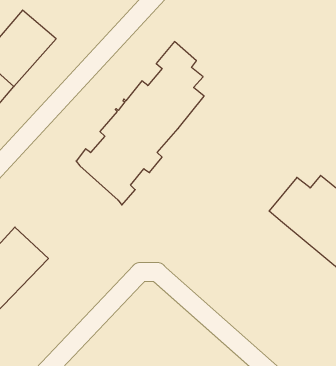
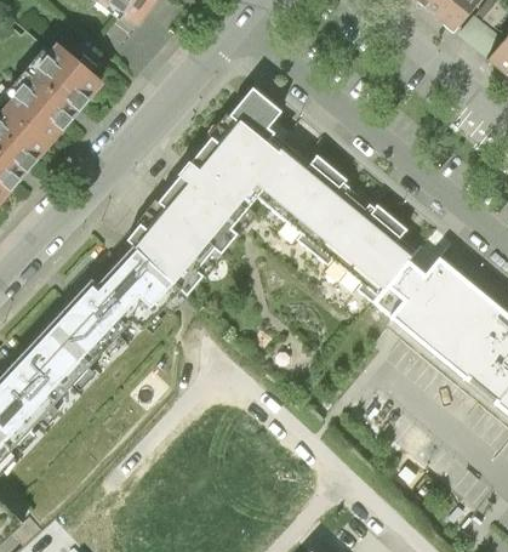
building: none -> [257,155,411,302]
building: none -> [50,245,181,363]

